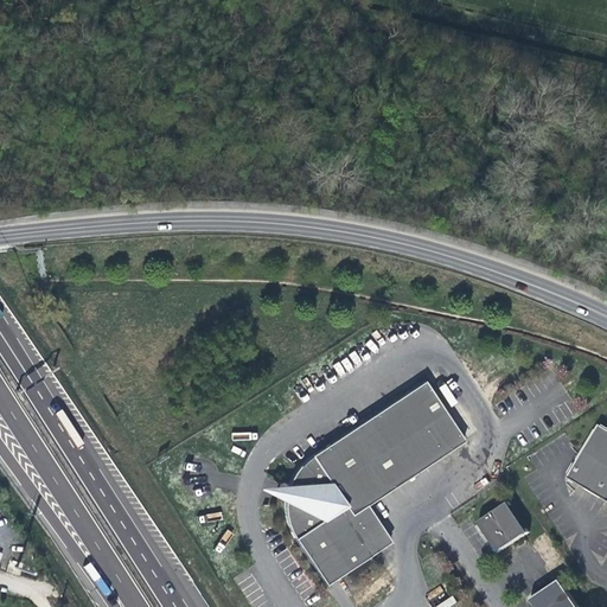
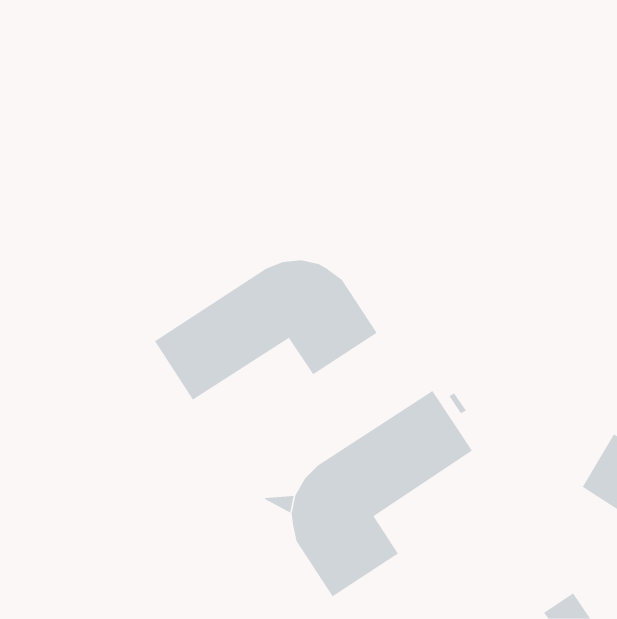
building: none -> [154,259,377,400]
building: [483,503,532,552] -> none

